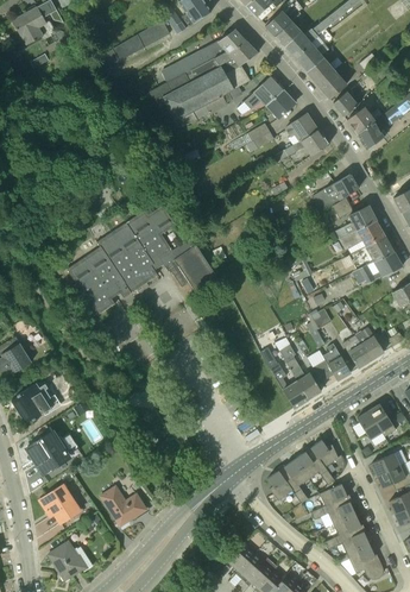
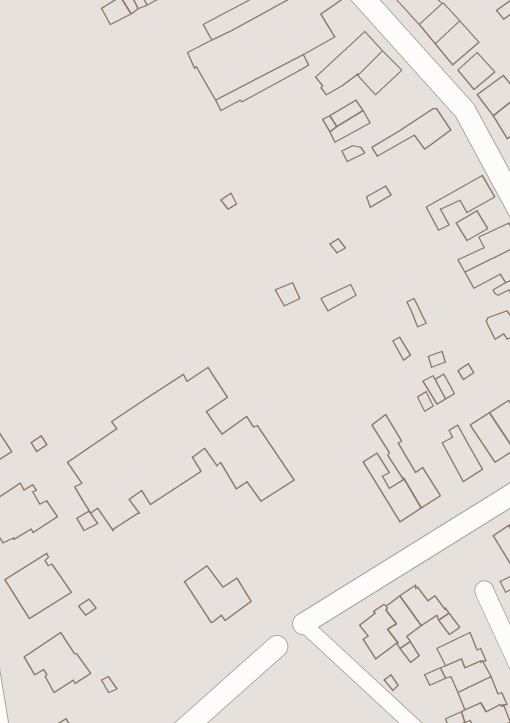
building: [284,113,316,144] -> none
building: [67,204,220,315] -> [68,367,294,531]
building: [302,439,338,467] -> none
building: [100,484,145,522] -> [184,566,251,622]

